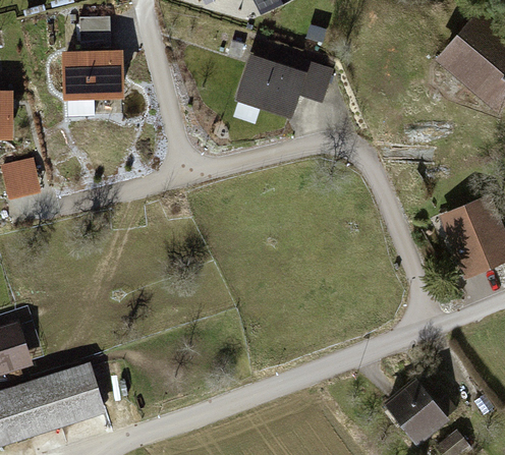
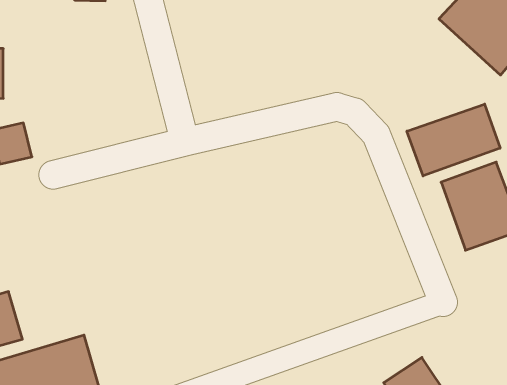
building: [64,49,125,98] -> none
building: [234,53,338,119] -> none
building: none -> [407,104,500,176]

